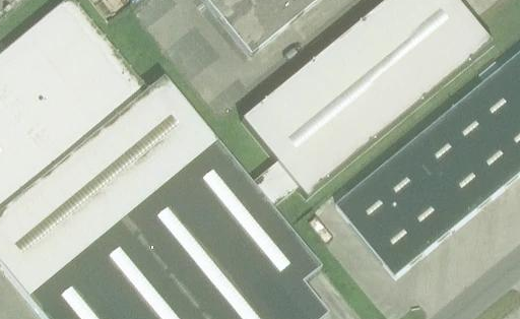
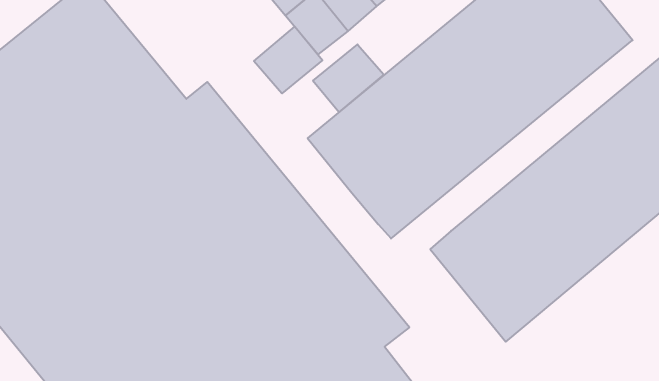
building: none -> [254,27,322,93]
building: none -> [313,44,384,112]

